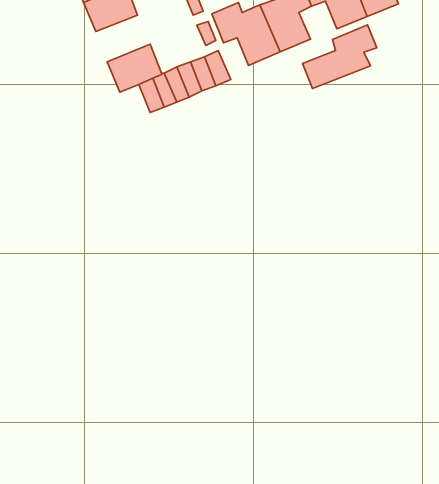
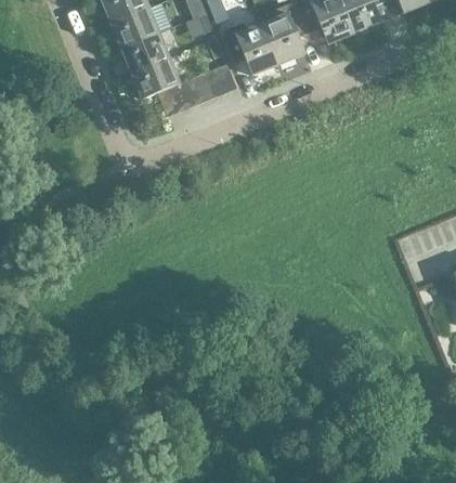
building: none -> [122,31,169,71]
building: [303,25,377,88] -> none

